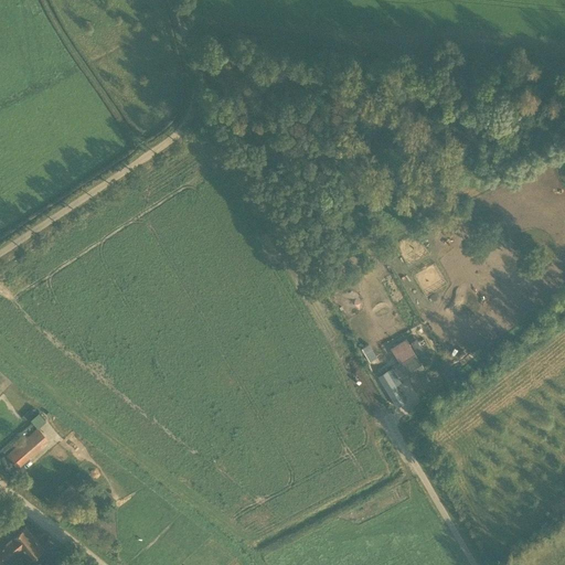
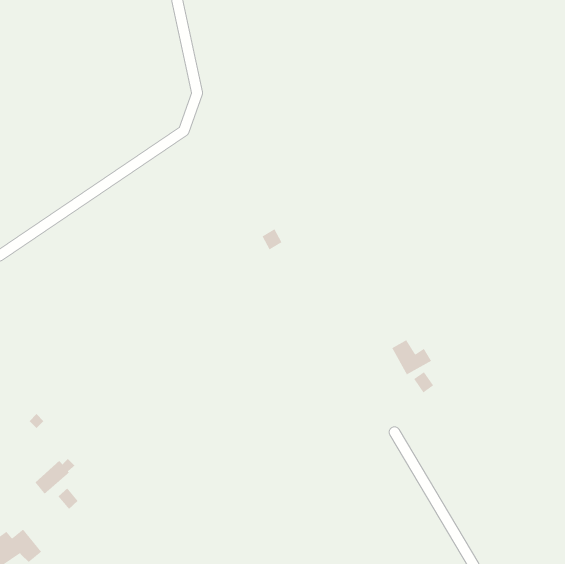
building: [376,369,405,409] -> none
building: [6,434,46,470] -> [35,458,76,495]

